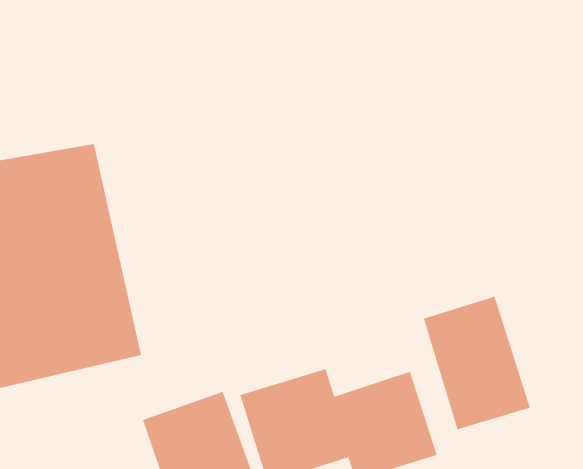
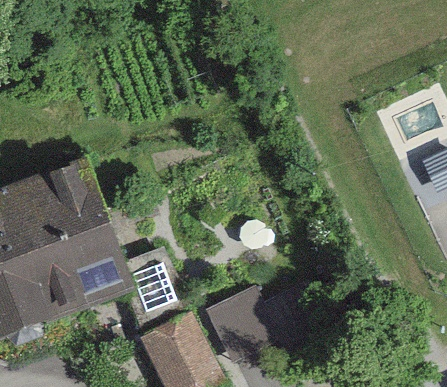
building: [423,296,531,430] -> none

